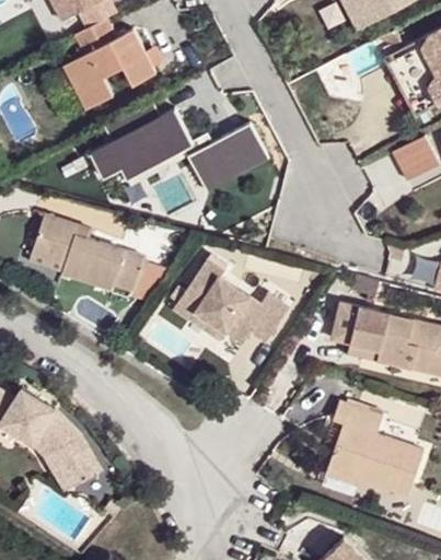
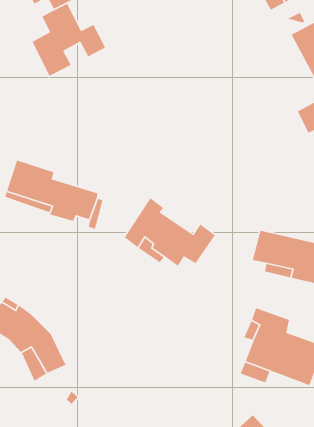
building: [90,103,193,178] -> none
building: [186,125,269,196] -> none

